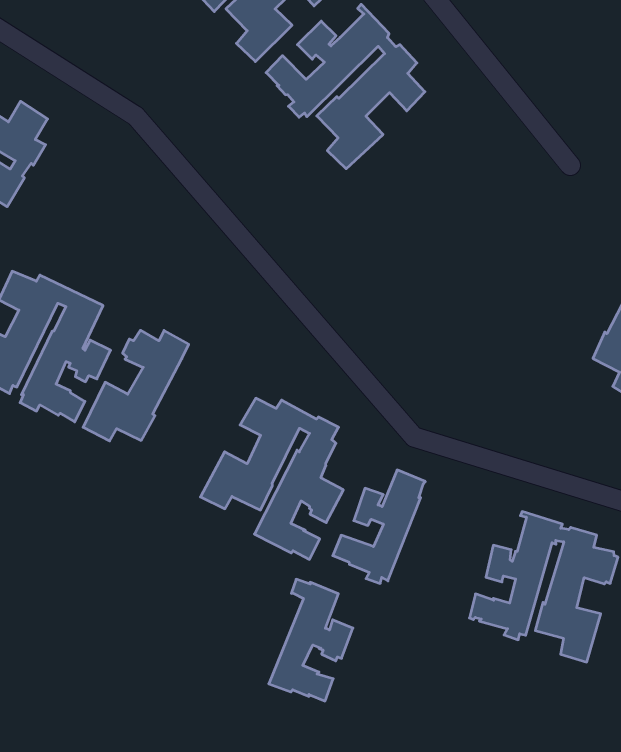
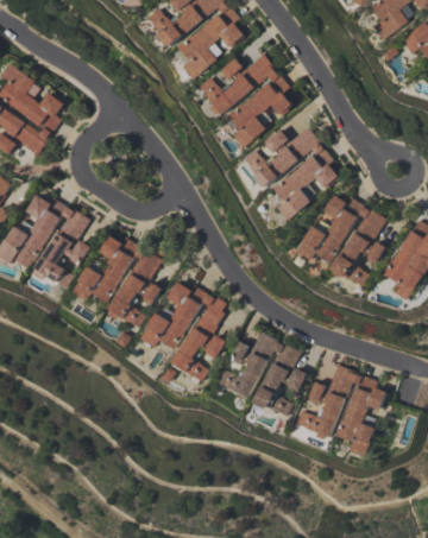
building: none -> [243,126,339,221]
building: none -> [296,195,386,286]
building: none -> [107,246,162,328]
building: [269,579,353,701] -> [253,341,307,416]

